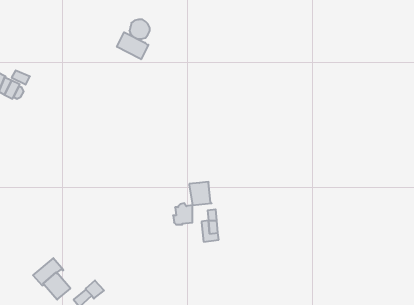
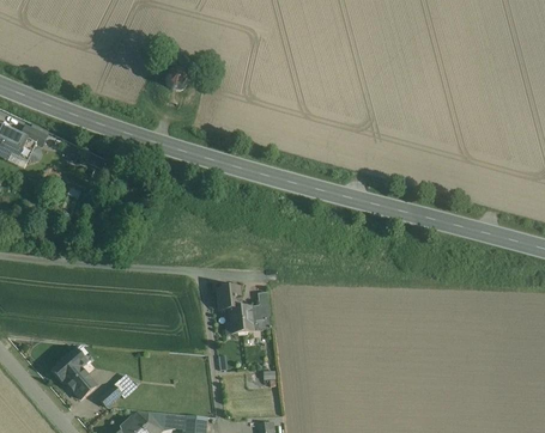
building: [117,32,148,59] -> none
building: [189,182,212,205] -> [226,305,253,333]

